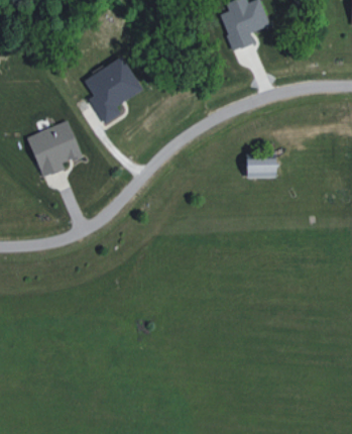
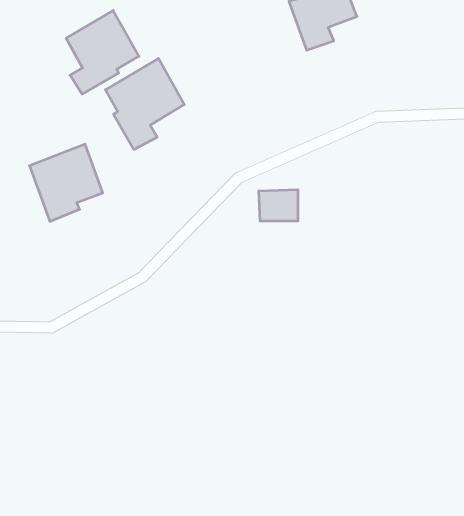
building: none -> [66,10,139,94]
building: [246,153,275,177] -> [259,190,298,221]

